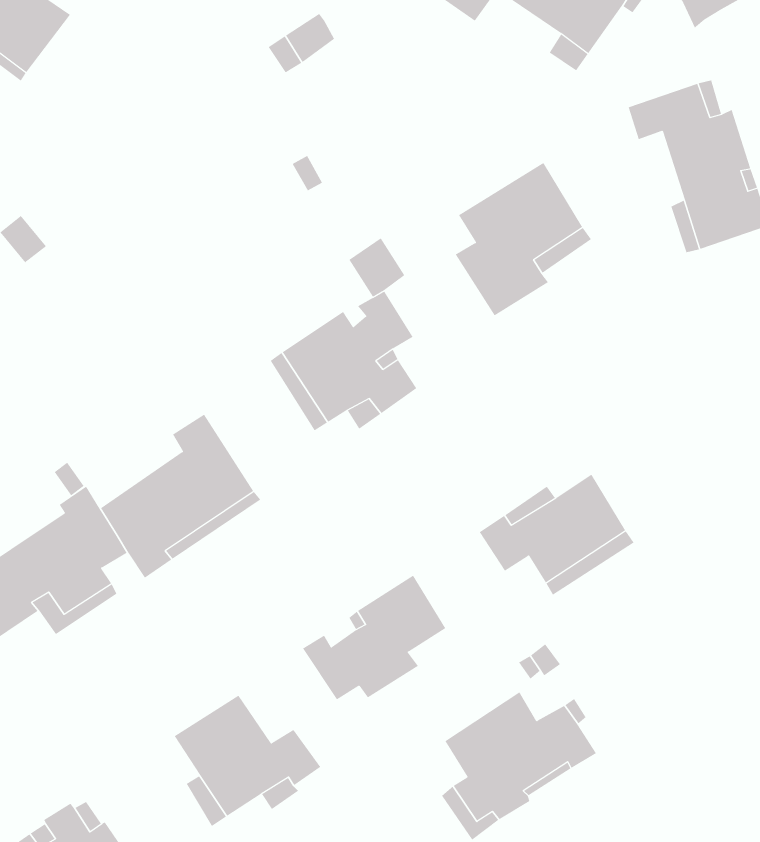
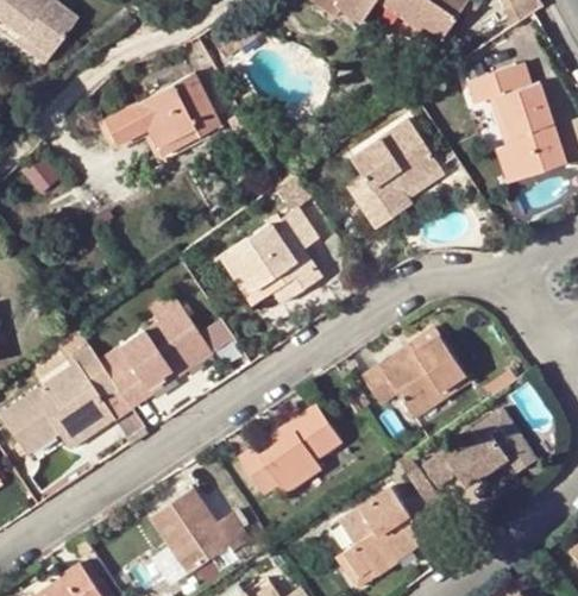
building: none -> [105,73,219,158]
building: none -> [423,433,535,487]

